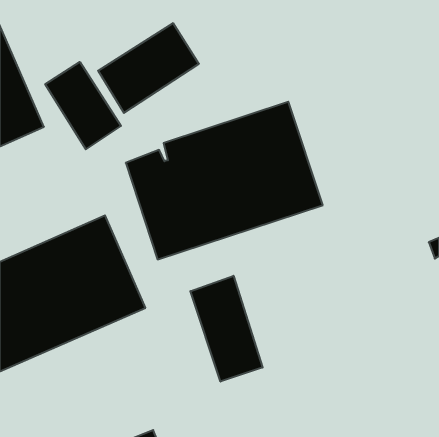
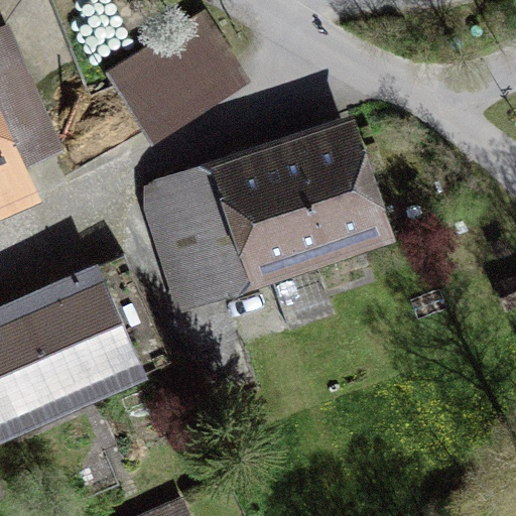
building: [45,62,121,149] -> none
building: [190,276,263,382] -> none

